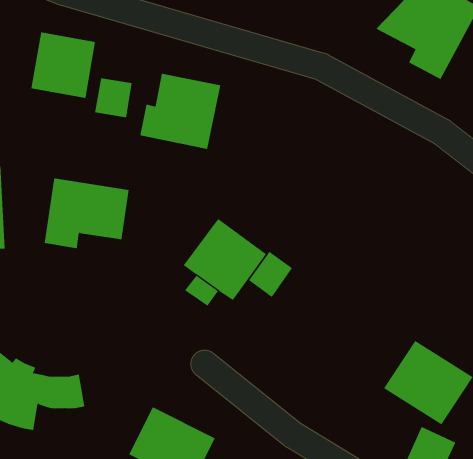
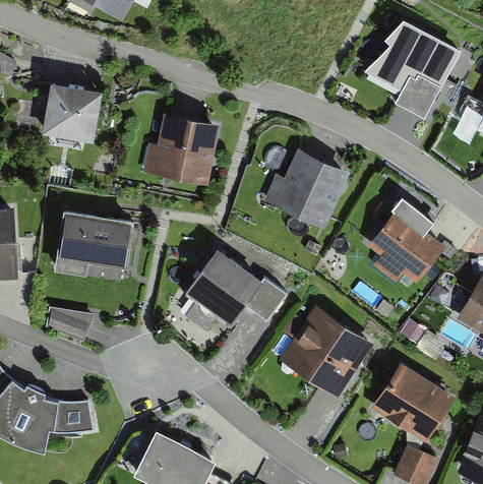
building: [94,77,132,118] -> none
building: none -> [263,145,350,227]
building: none -> [367,194,445,282]
building: none -> [46,305,95,342]
building: none -> [279,306,374,401]

